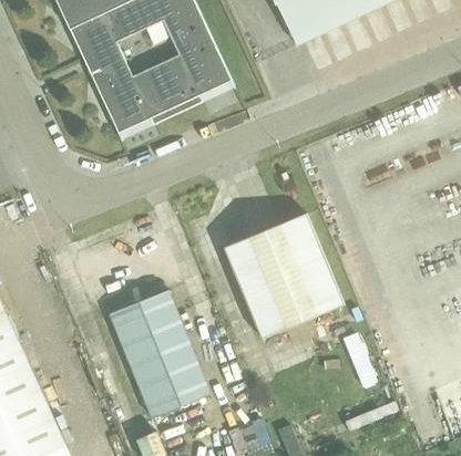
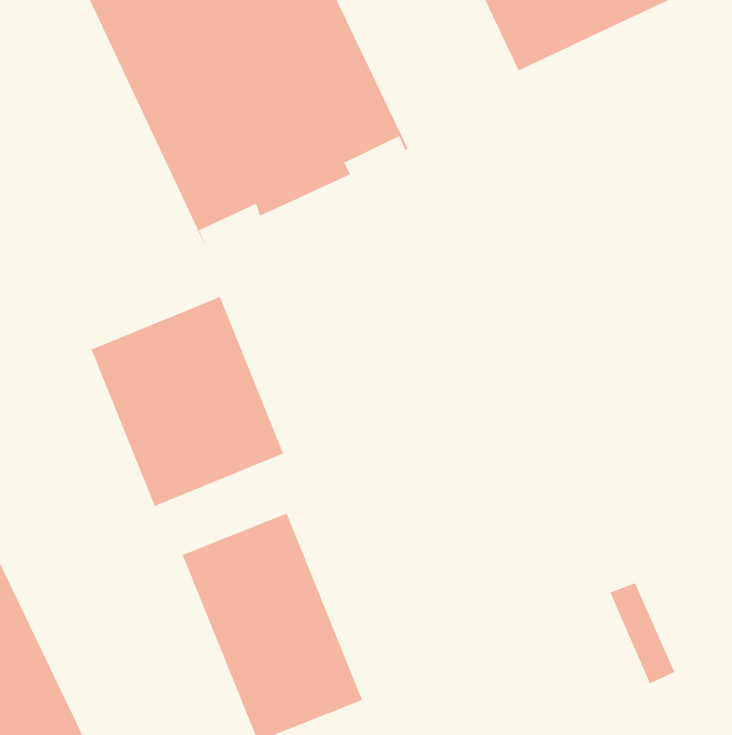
building: none -> [91,296,284,507]
building: [223,214,344,339] -> none

